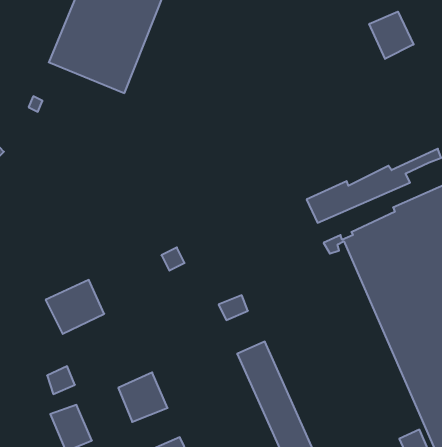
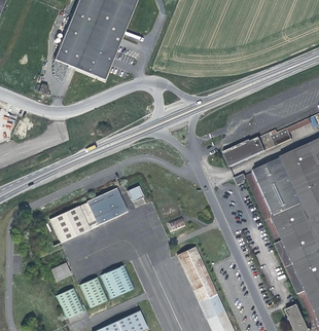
building: [369,12,414,59] -> none
building: none -> [87,185,127,222]
building: none -> [78,278,105,308]

